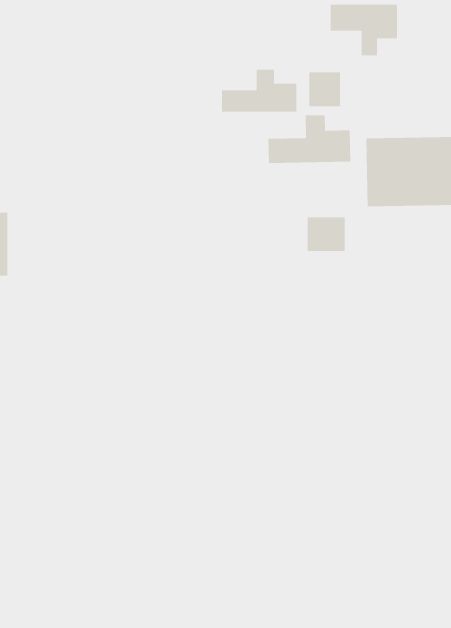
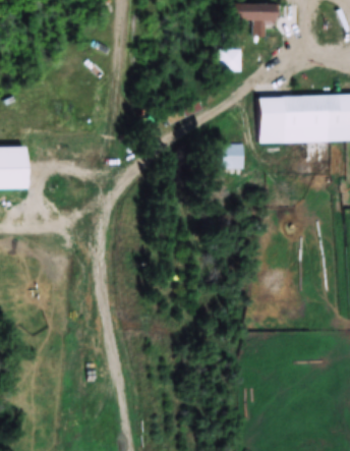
building: [221,69,297,113] -> none
building: [268,114,351,164] -> none

